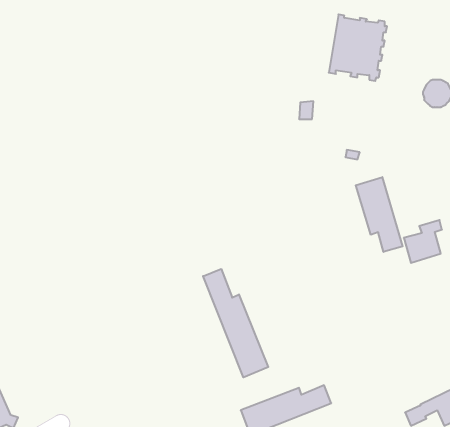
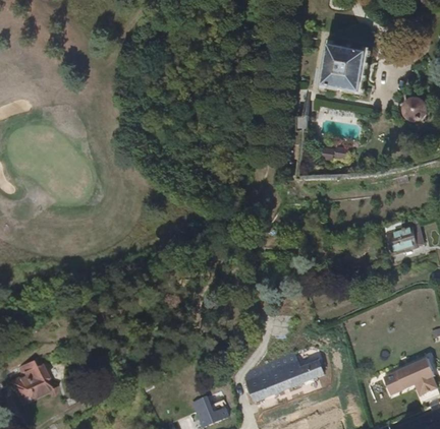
building: [356,177,403,252] -> none
building: [203,269,268,377] -> none

